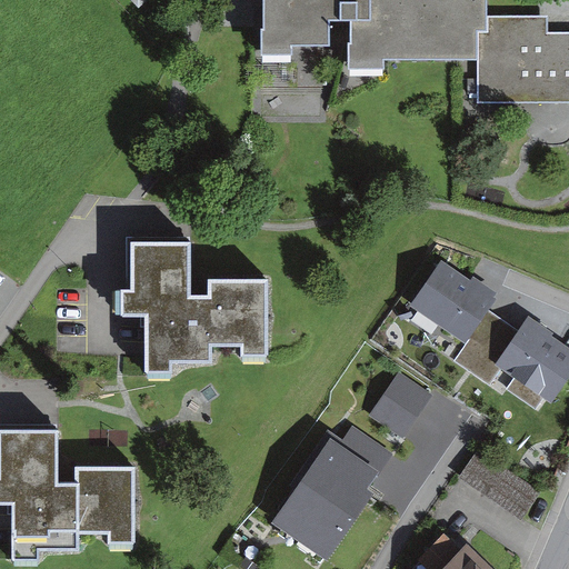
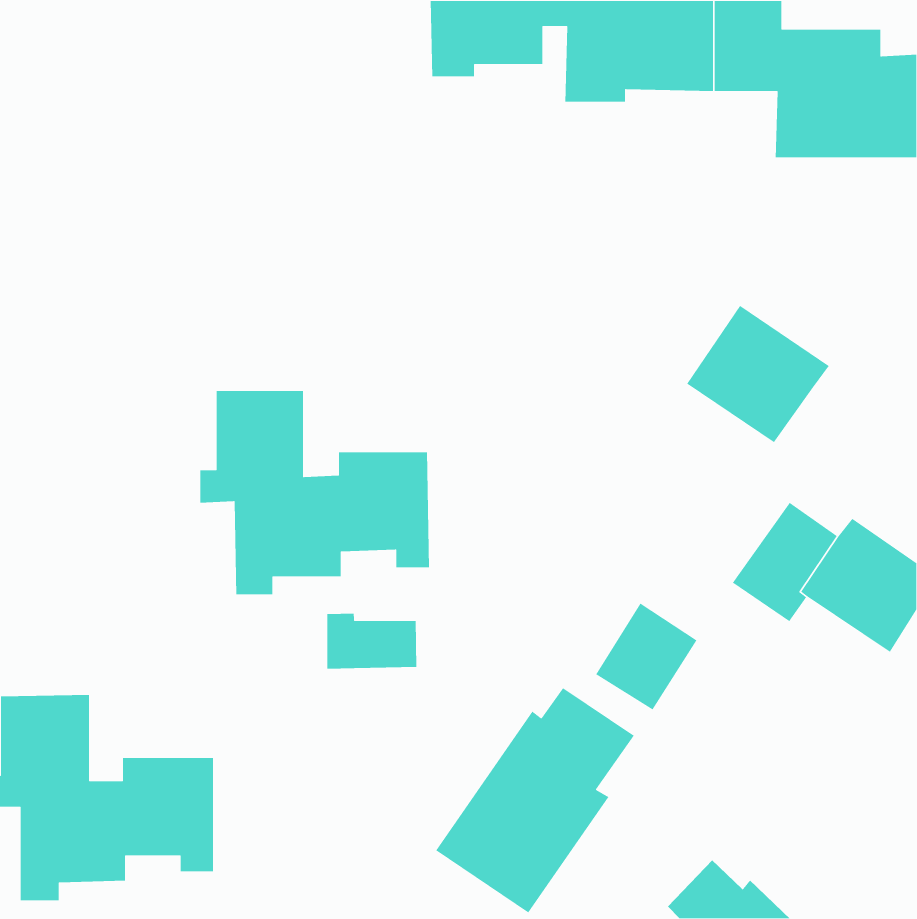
building: [409,259,498,345] -> [686,305,830,443]
building: none -> [326,613,417,669]
building: [472,456,542,518] -> none

